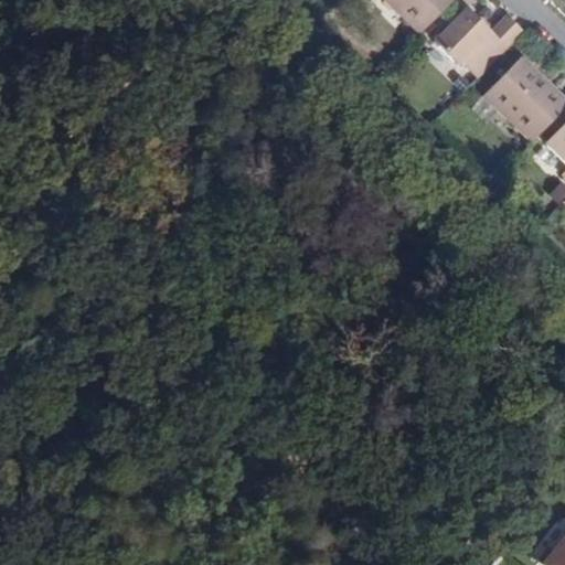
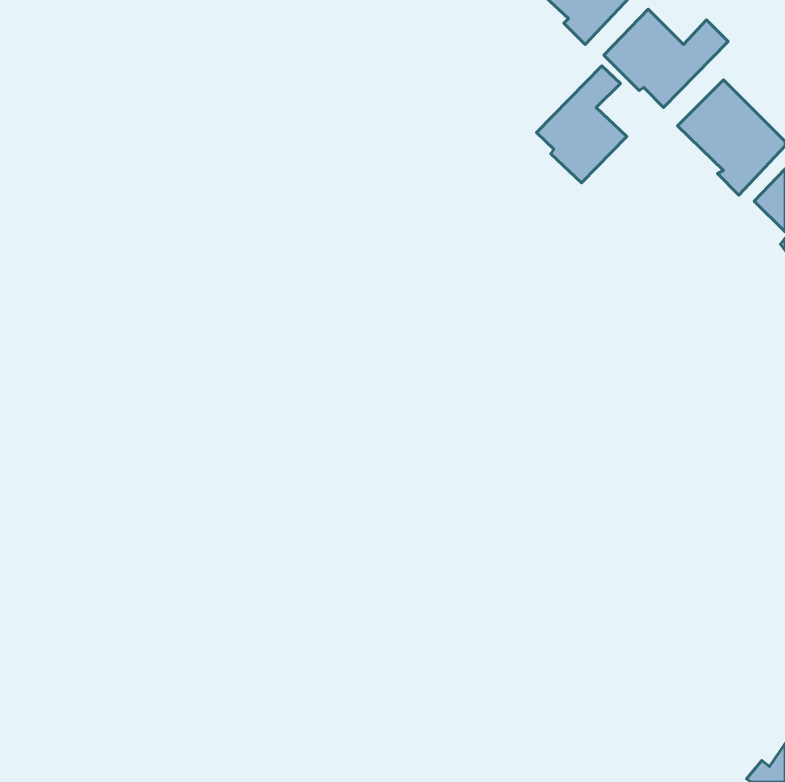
building: none -> [537,66,627,183]

